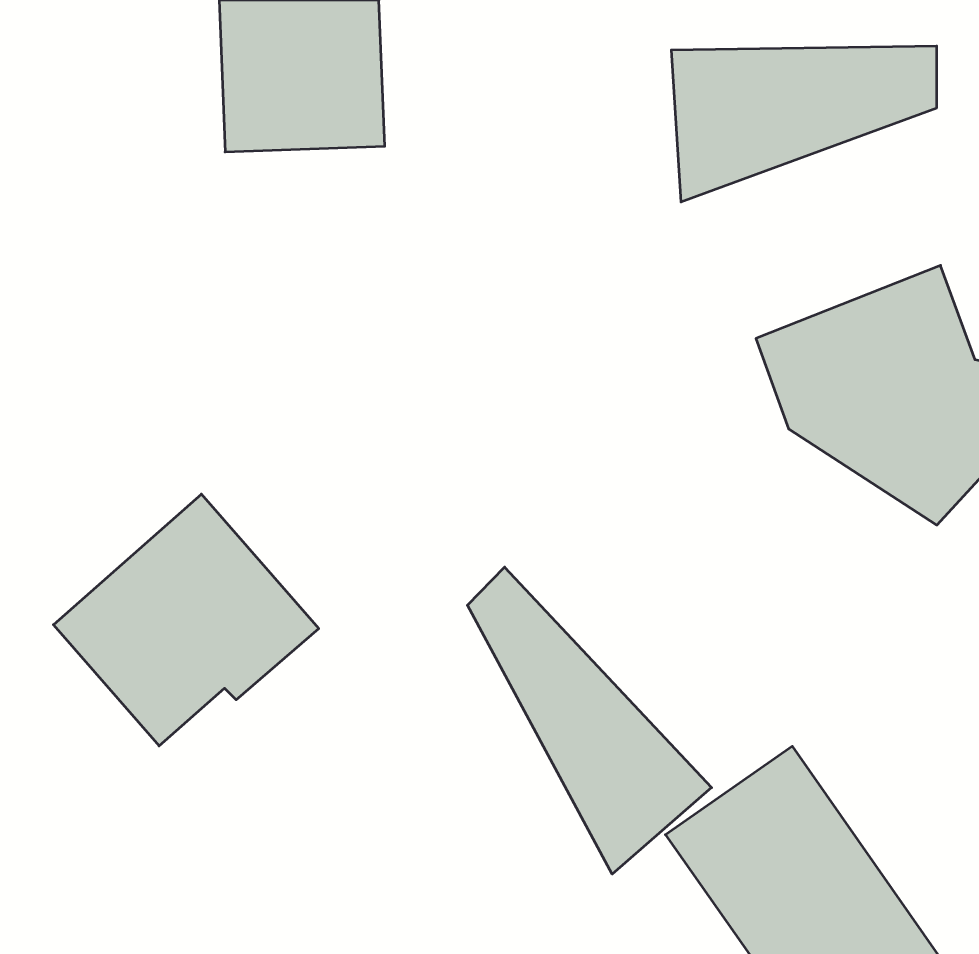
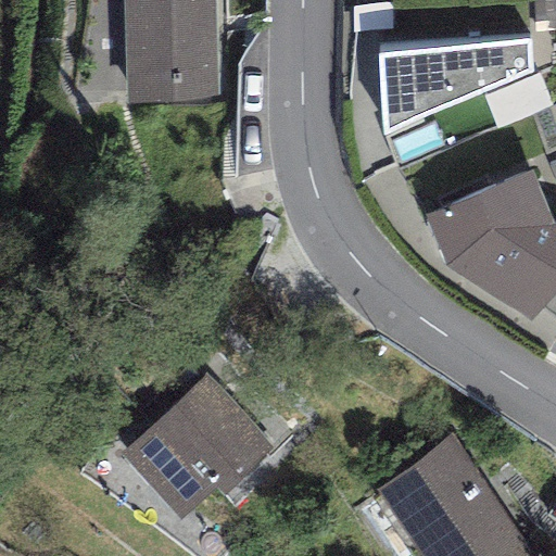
building: [53,494,319,746] -> [123,378,273,520]
building: [467,567,712,874] -> none

